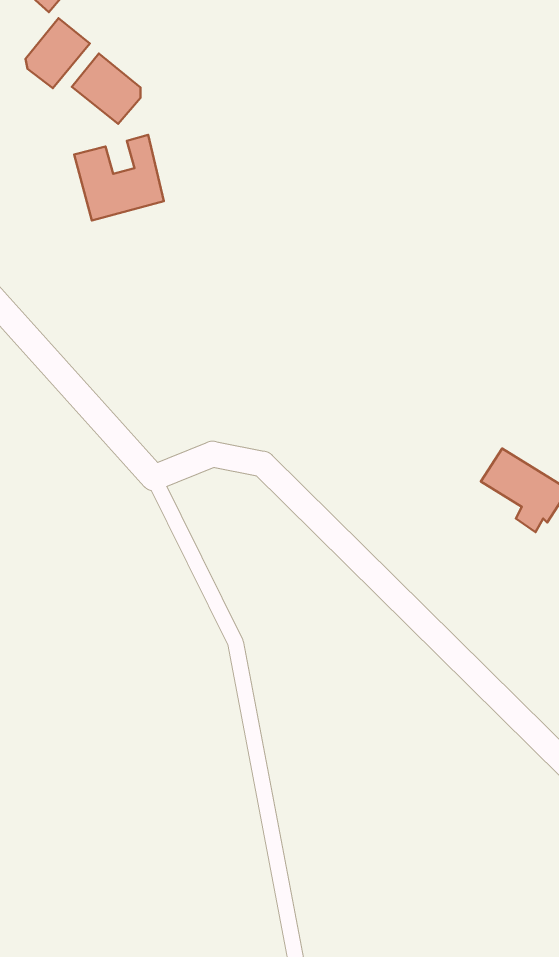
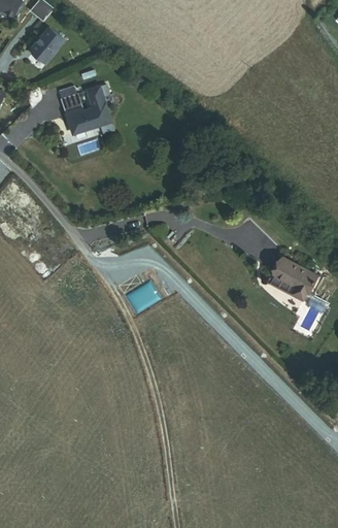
building: [72,54,140,124] -> none

